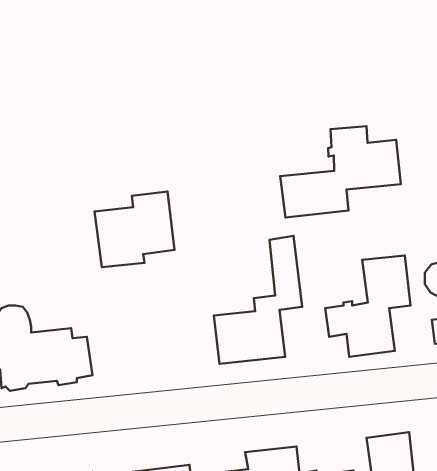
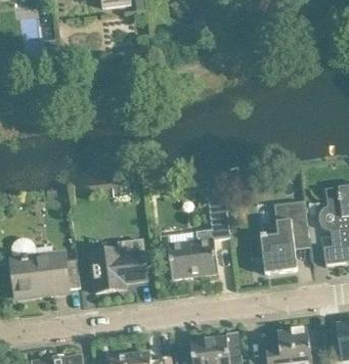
building: [280,126,401,218] -> none
building: [95,192,174,267] -> [89,237,146,291]

